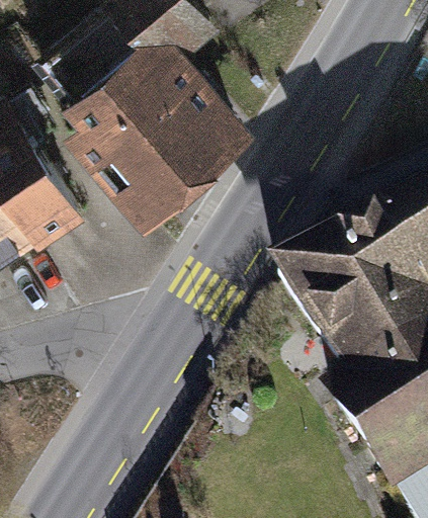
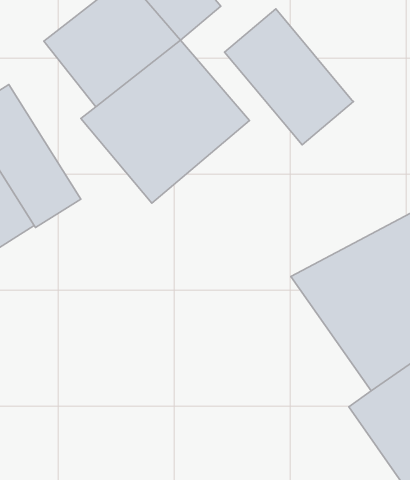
building: none -> [224,9,354,145]

